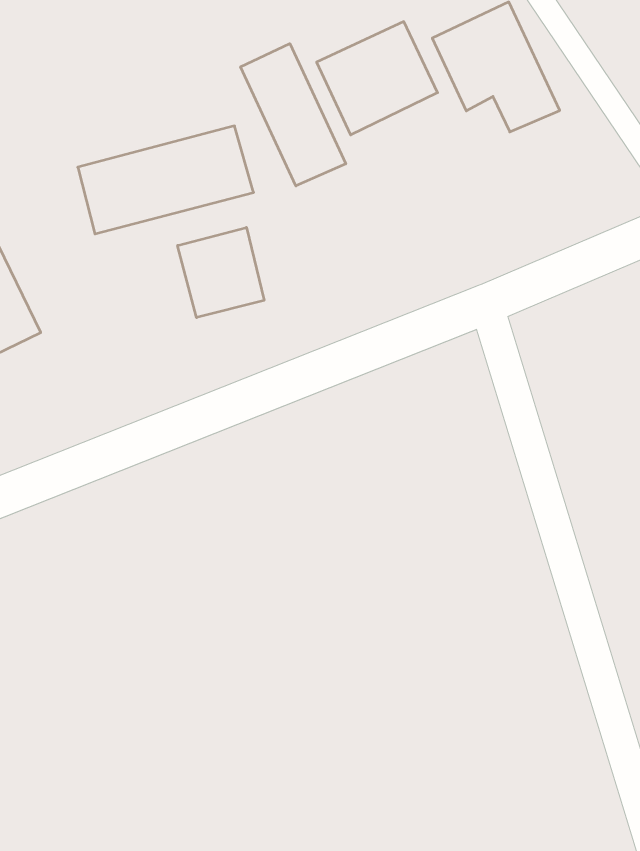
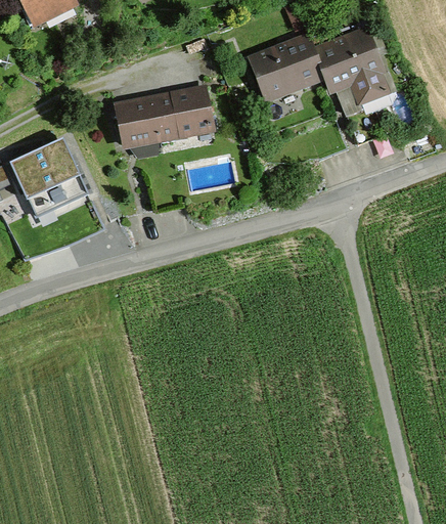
building: [241,44,346,186] -> none
building: [178,227,264,318] -> none

